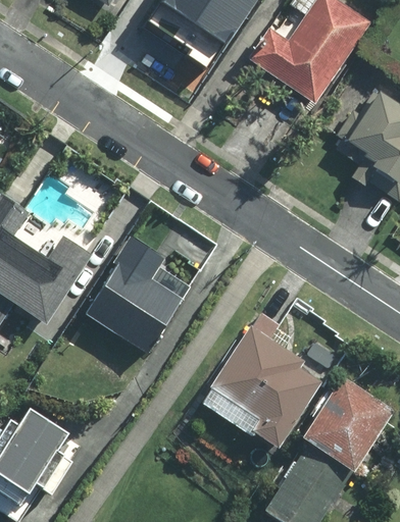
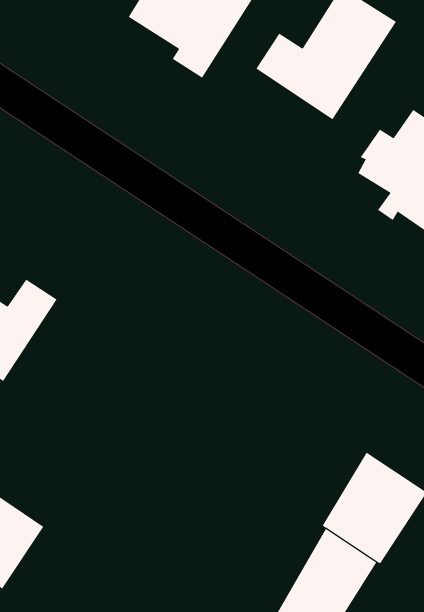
building: [87,239,183,353] -> none
building: [211,313,320,448] -> none

